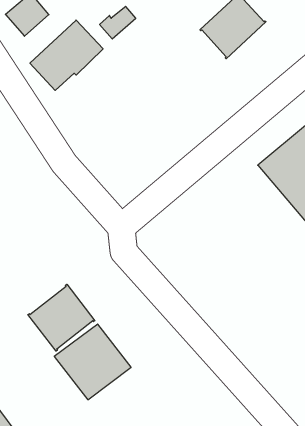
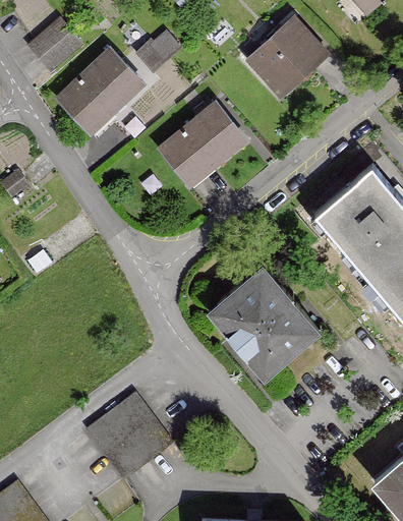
building: none -> [160,105,245,183]
building: none -> [216,265,319,369]
building: [28,284,95,351] -> none

